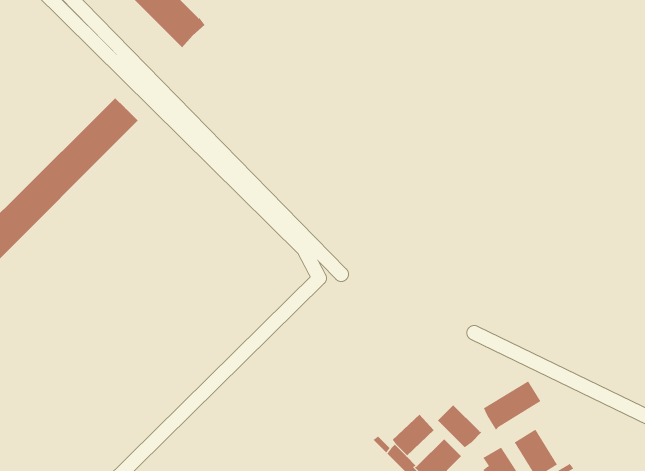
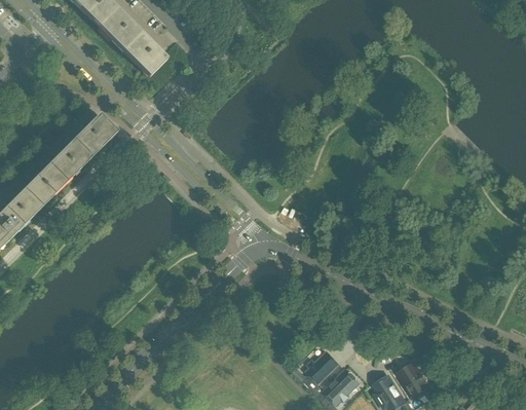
building: [483,380,541,431] -> none
building: [437,404,482,448] -> none

